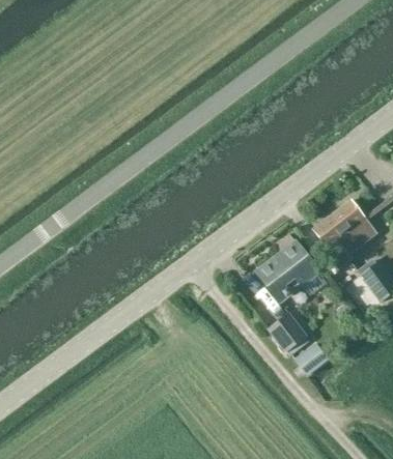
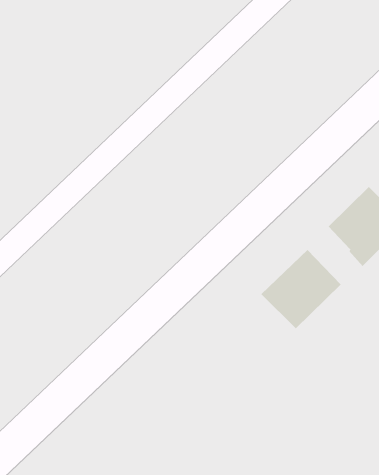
building: [266,310,306,350] -> none
building: [291,340,327,375] -> none

